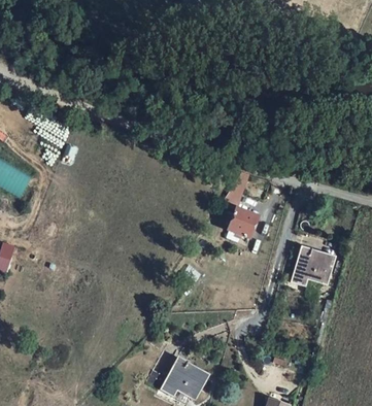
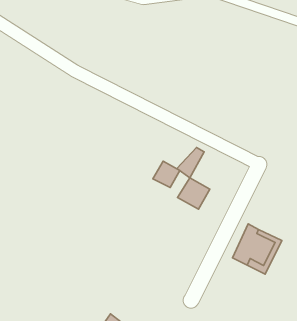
building: none -> [153,161,180,188]

